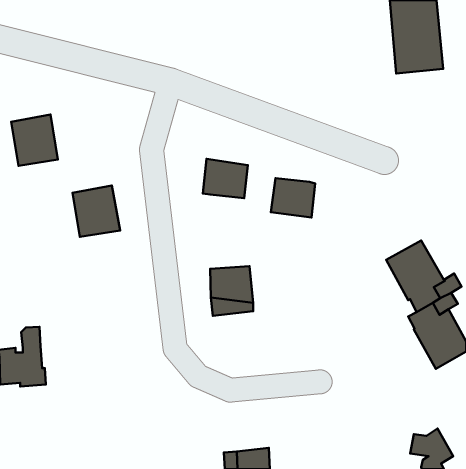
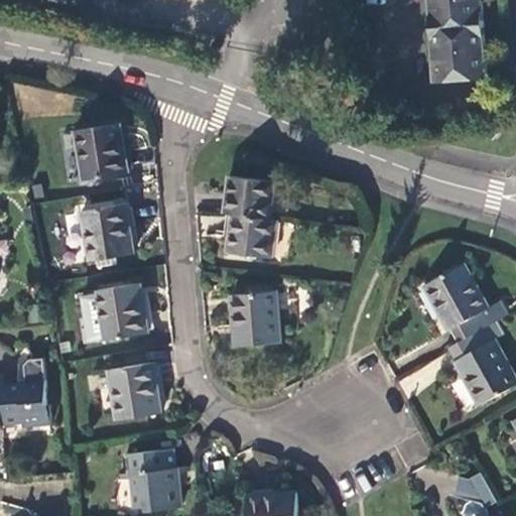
building: [11,114,58,166] -> [74,122,125,178]
building: [271,178,315,218] -> [226,214,274,257]
building: none -> [93,283,145,341]
building: none -> [106,363,159,419]
building: none -> [122,449,180,509]

